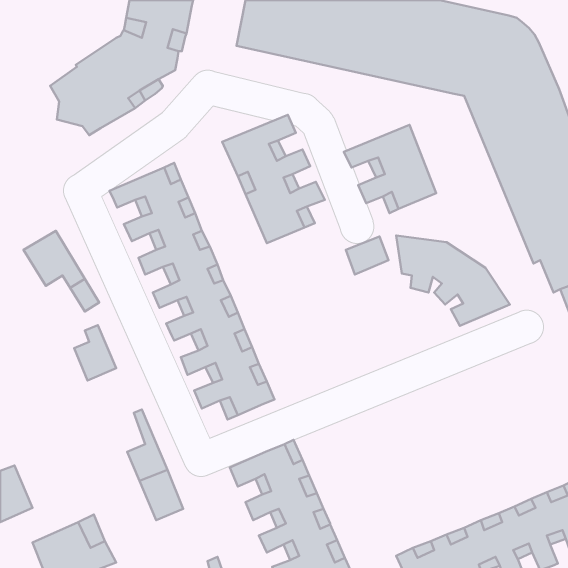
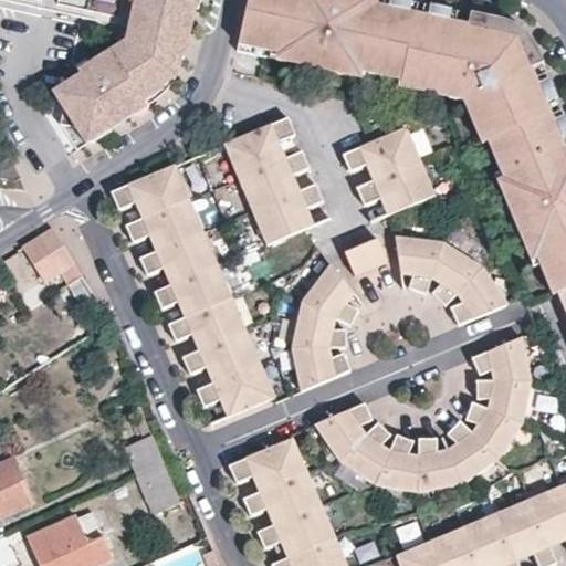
building: none -> [290,262,357,388]
building: [74,325,116,381] -> none
building: none -> [315,337,532,490]

